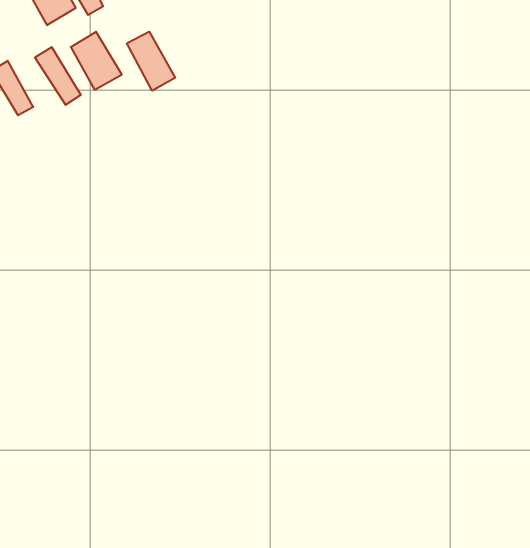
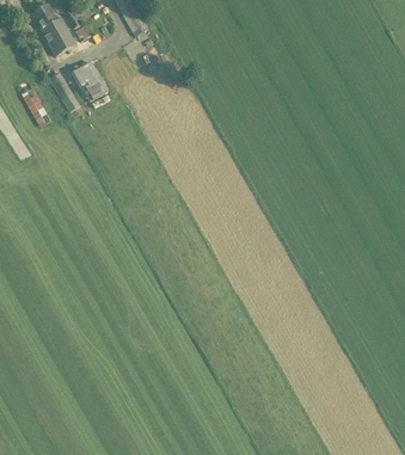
building: [127,32,175,91] -> none

